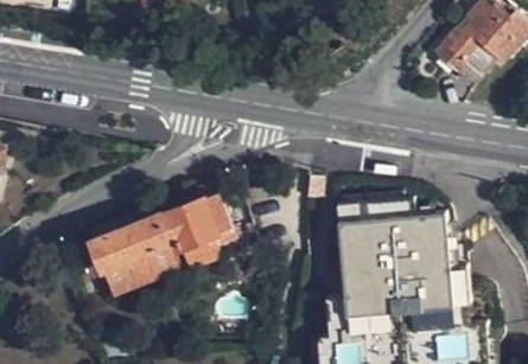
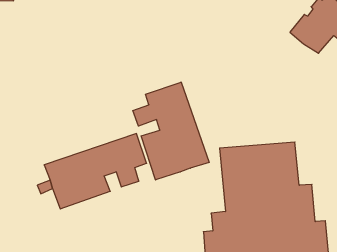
building: none -> [133,82,209,180]

